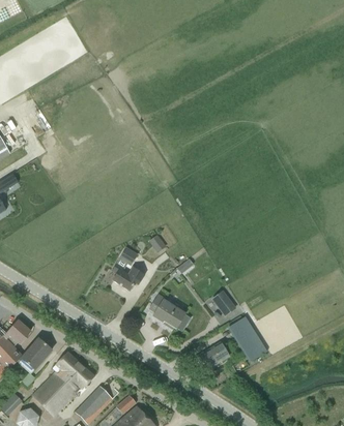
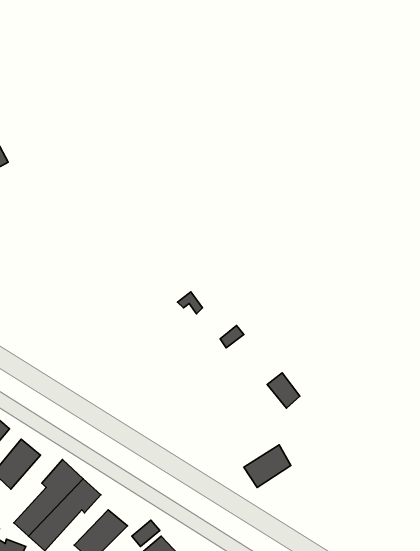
building: [112,247,144,290] -> none
building: [148,295,185,330] -> none
building: [229,315,267,361] -> none

